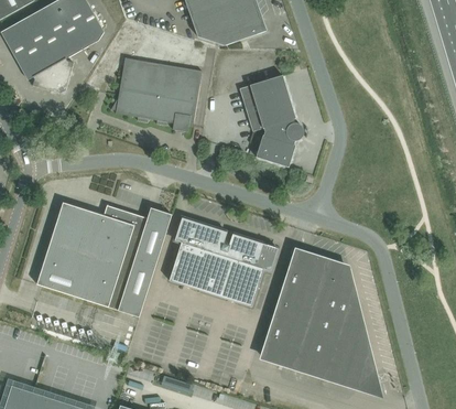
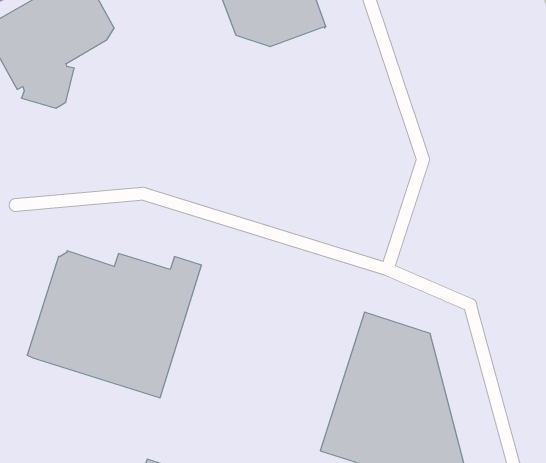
building: [110,57,202,131] -> none
building: [239,75,303,166] -> none
building: [169,217,278,306] -> none

